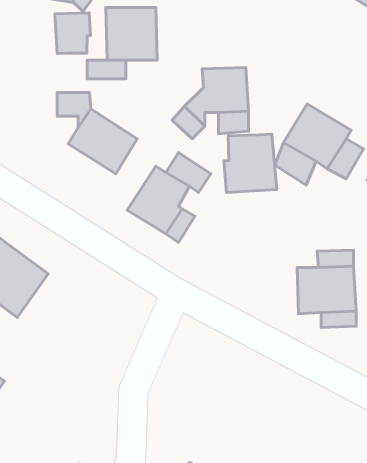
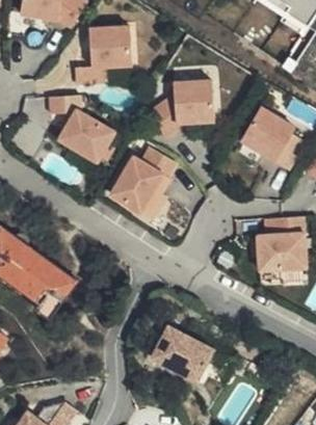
building: [55,13,90,53] -> none
building: [224,134,277,193] -> none
building: none -> [17,246,79,315]
building: none -> [151,323,214,379]

